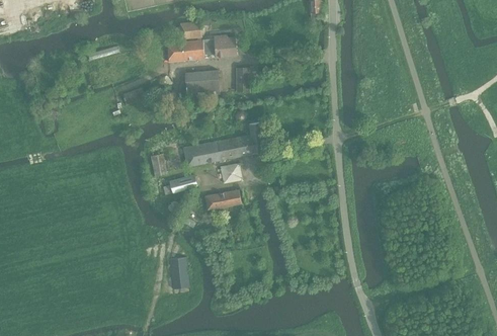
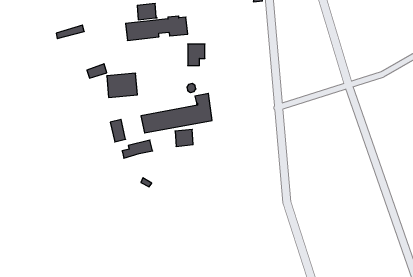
building: [184,69,219,96] -> [107,73,137,97]
building: [203,188,241,209] -> none
building: [169,256,189,288] -> none

